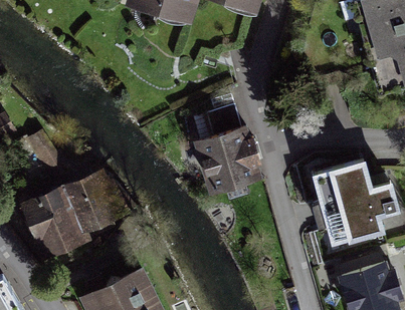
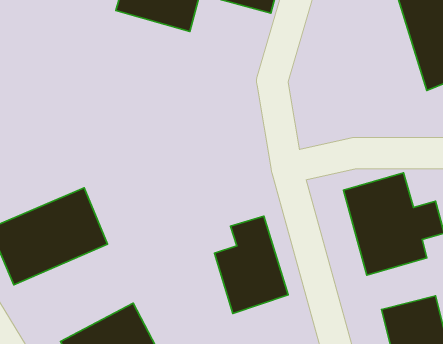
building: [194,109,254,189] -> [215,216,288,313]

